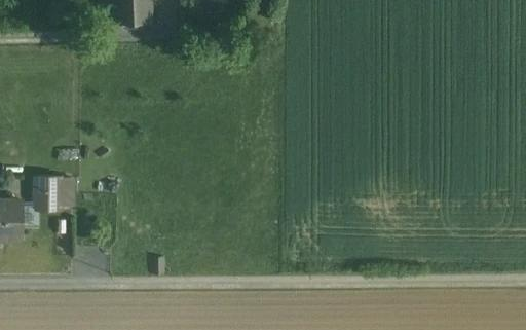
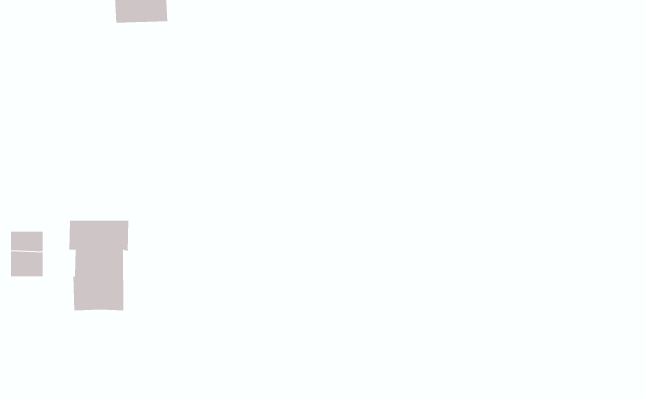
building: none -> [69,220,129,311]

